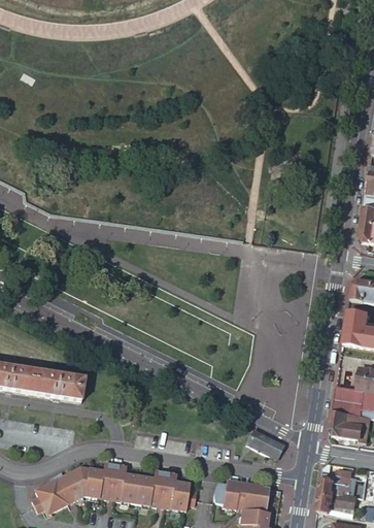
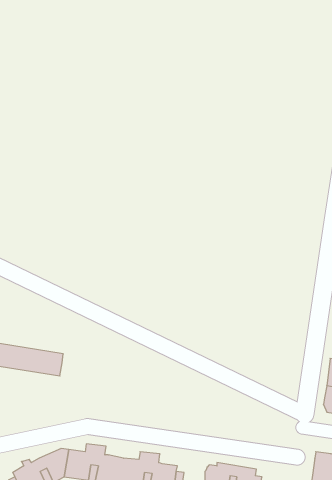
building: [247,431,284,459] -> none

